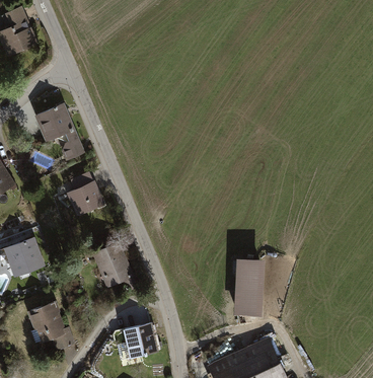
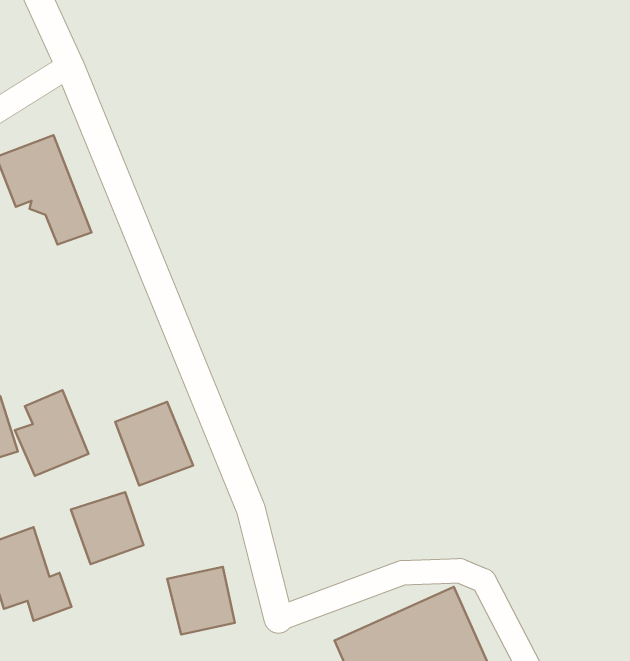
building: [67,170,104,214] -> [15,390,88,476]
building: [231,256,263,313] -> none
building: none -> [71,492,144,564]

